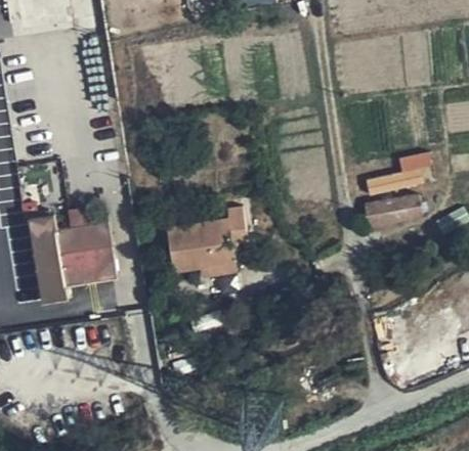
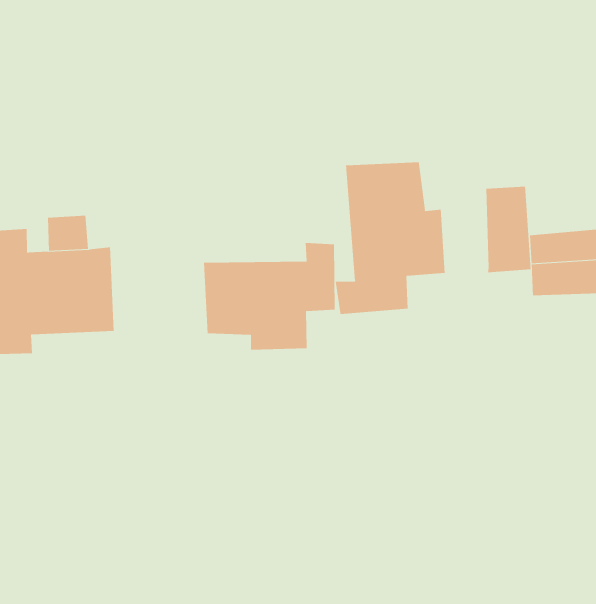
building: none -> [335,162,445,315]
building: none -> [486,186,531,273]

